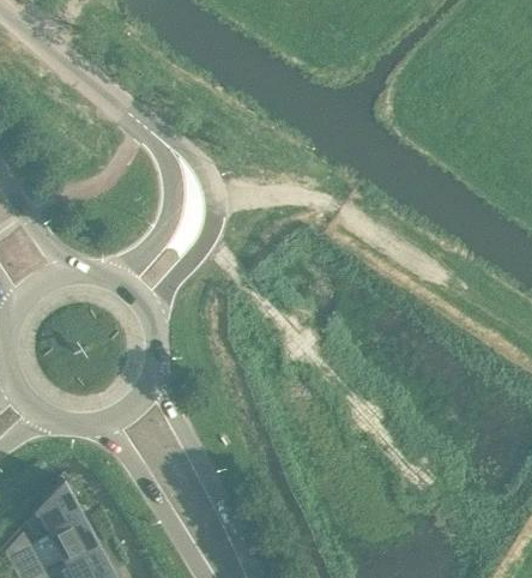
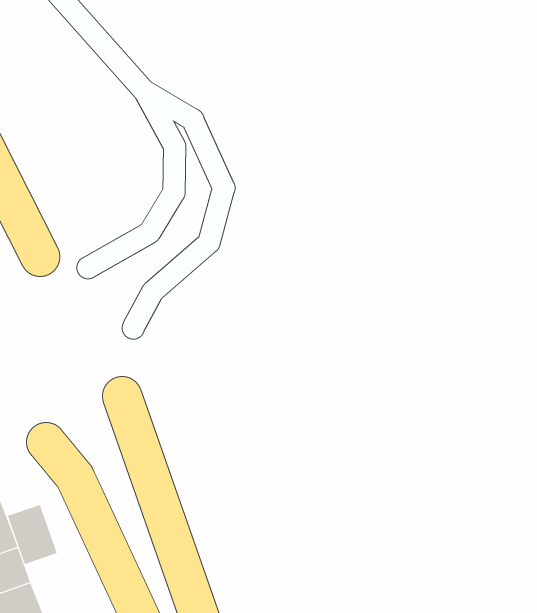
building: none -> [7,504,58,565]

